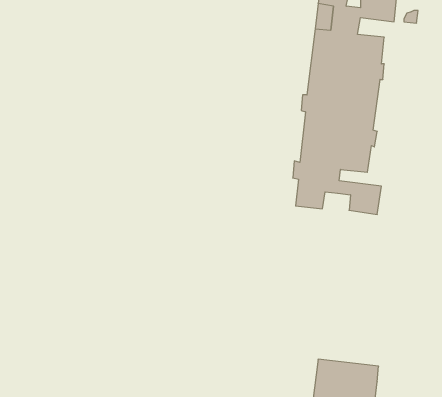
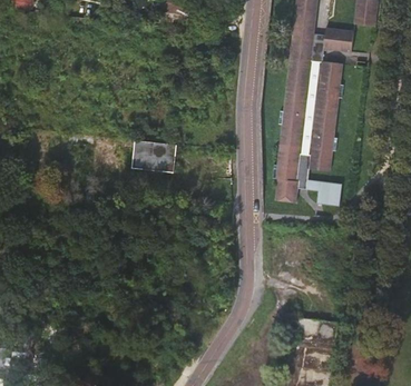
building: none -> [133,140,177,174]

